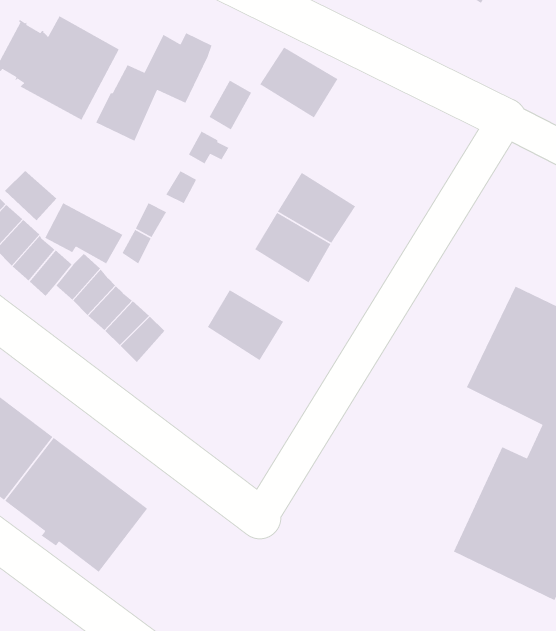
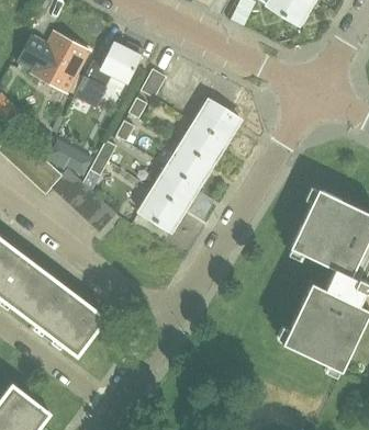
building: [259,47,339,118] -> [194,101,241,143]
building: none -> [153,168,199,210]

